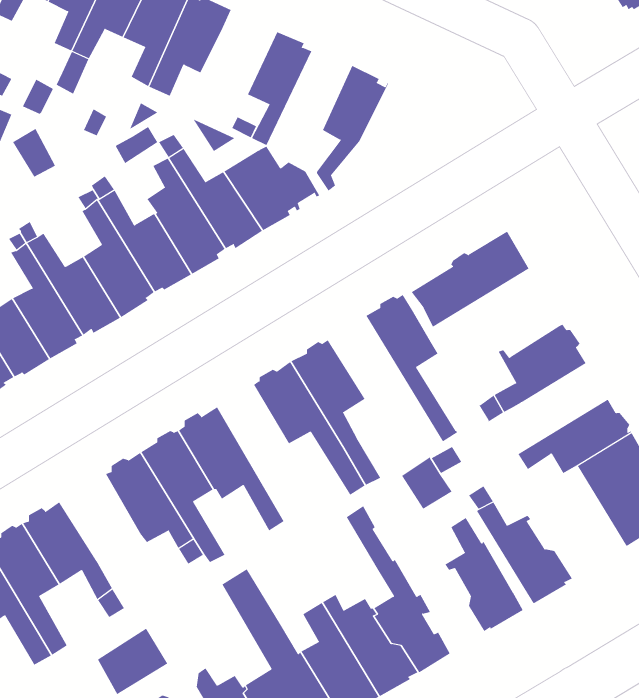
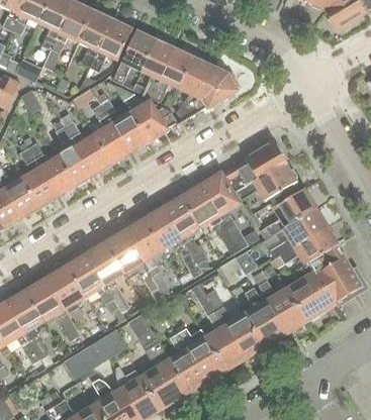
building: none -> [112,28,156,83]
building: none -> [151,48,194,101]
building: none -> [184,65,239,117]
building: none -> [236,160,300,205]
building: none -> [182,184,241,254]
building: none -> [269,208,326,257]
building: none -> [125,219,169,293]
building: none -> [284,260,335,319]
building: none -> [44,265,86,321]
building: none -> [205,288,262,356]
building: none -> [89,327,127,361]

